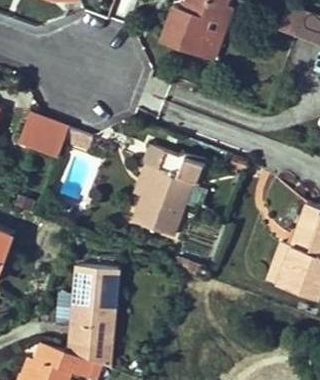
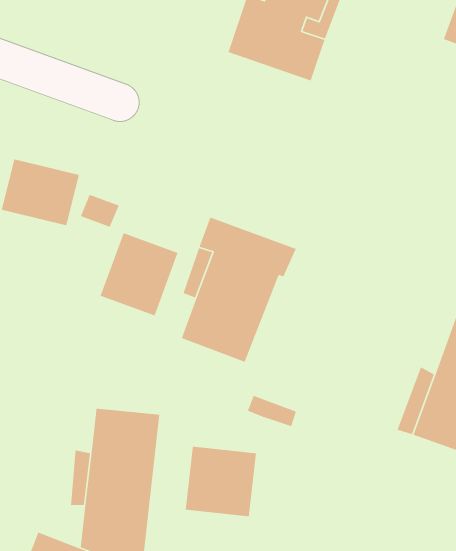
building: none -> [100,232,178,317]
building: none -> [185,446,257,517]

